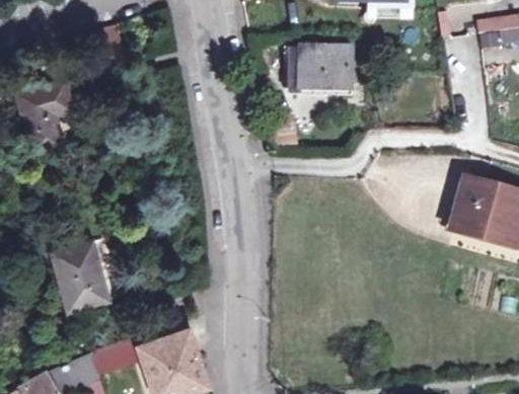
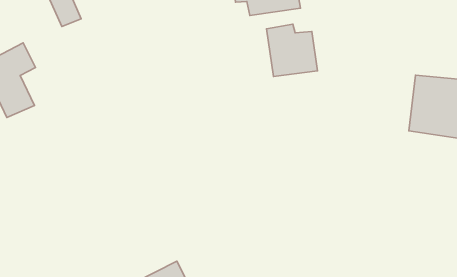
building: none -> [267,24,318,77]
building: [51,241,106,307] -> none

